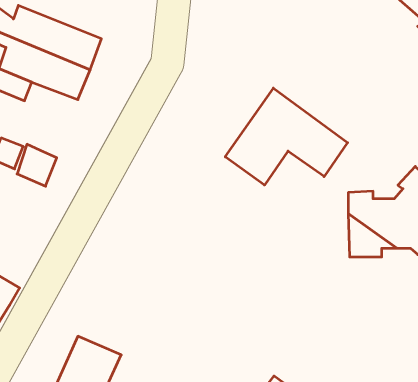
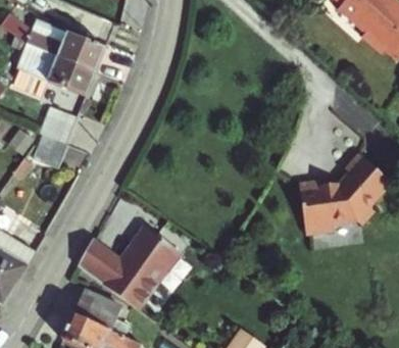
building: [225,88,348,185] -> none
building: none -> [40,108,77,146]
building: none -> [76,223,186,308]

